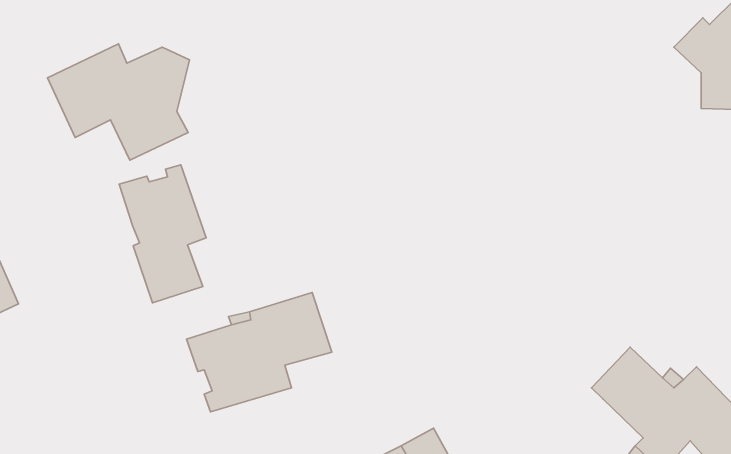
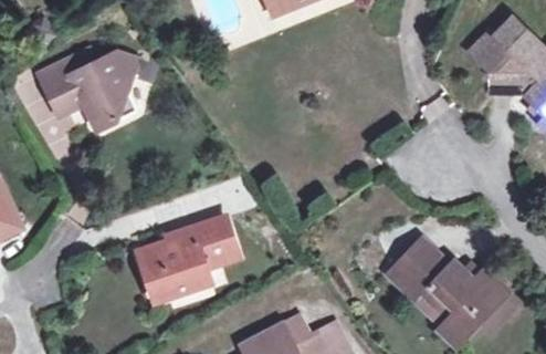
building: [119,165,206,303] -> none
building: none -> [388,239,439,298]

